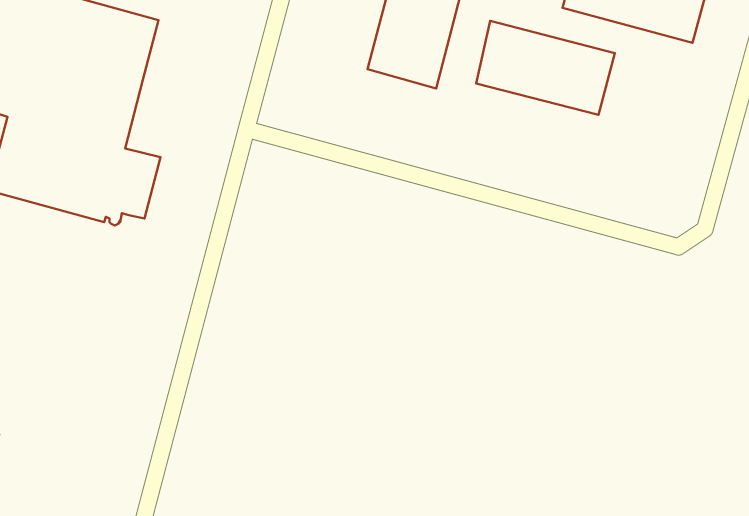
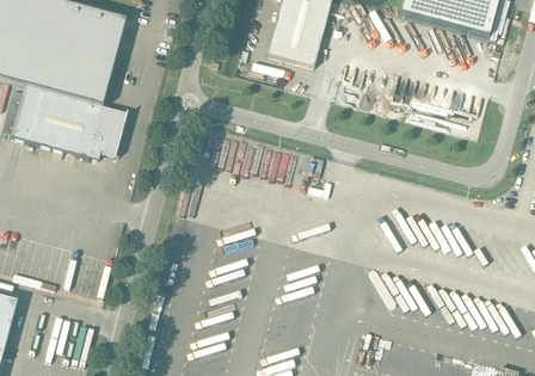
building: [476,21,615,115] -> none

